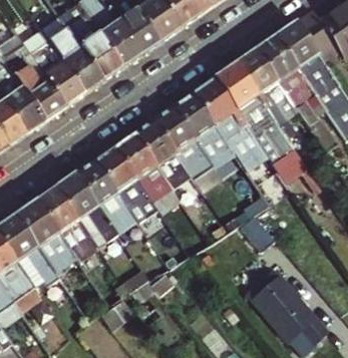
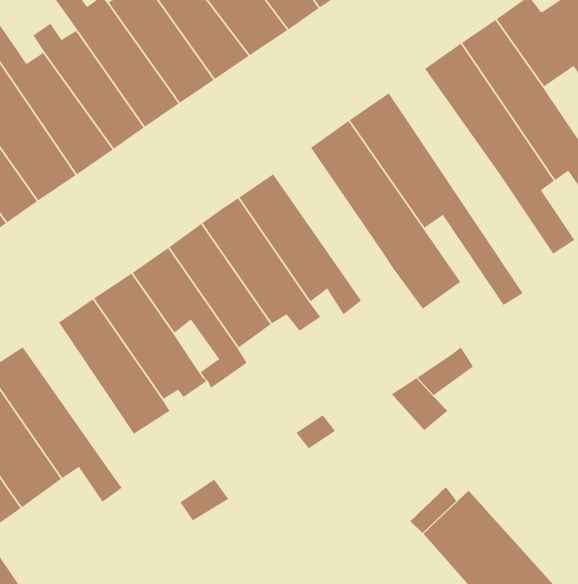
building: [236,48,319,171] -> none
building: [172,91,232,161] -> none
building: [36,187,104,268] -> none

